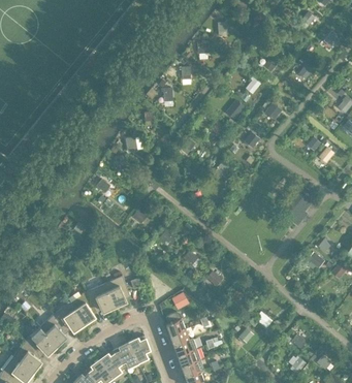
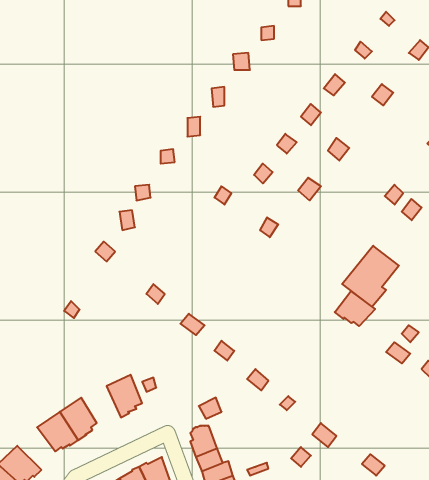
building: none -> [335,291,375,326]
building: [86,284,115,311] -> none
building: [39,314,67,345] -> none

